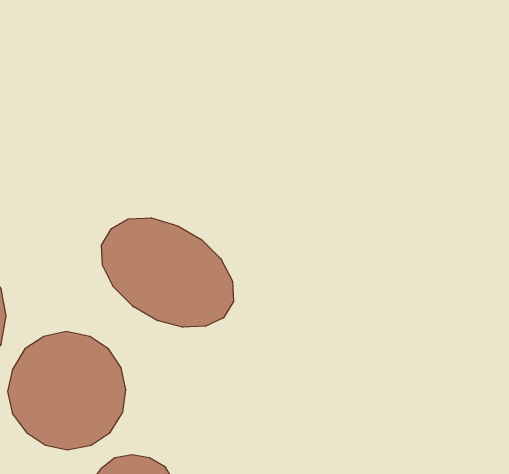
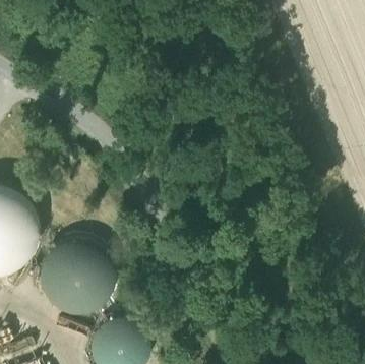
building: [101,218,234,327] -> none

